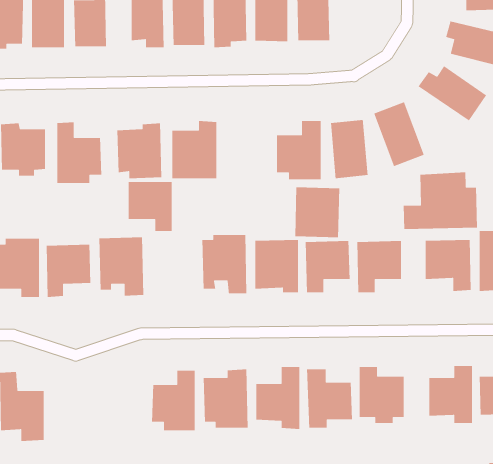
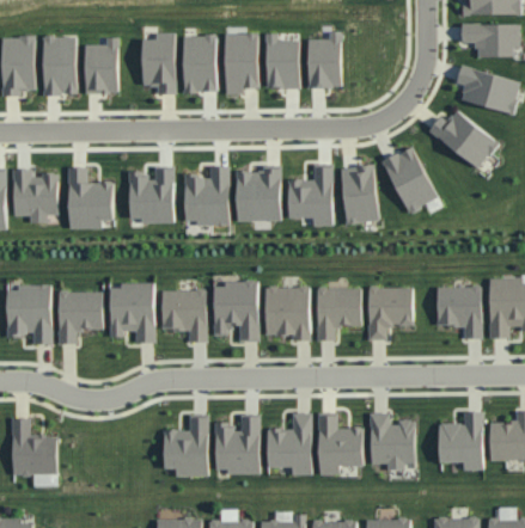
building: [403,172,478,230] -> none
building: [128,181,172,232] -> [161,290,206,340]
building: [294,186,340,238] -> [236,171,281,222]

